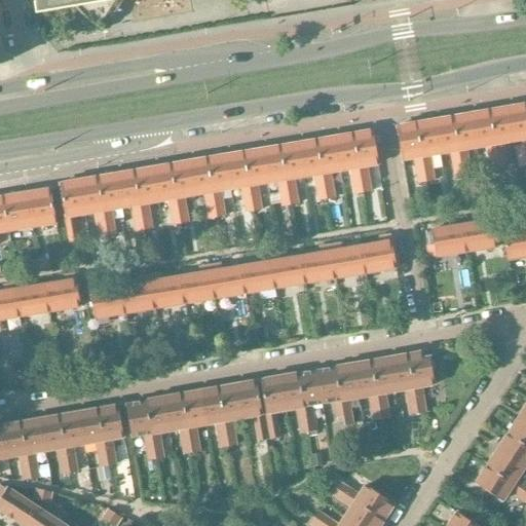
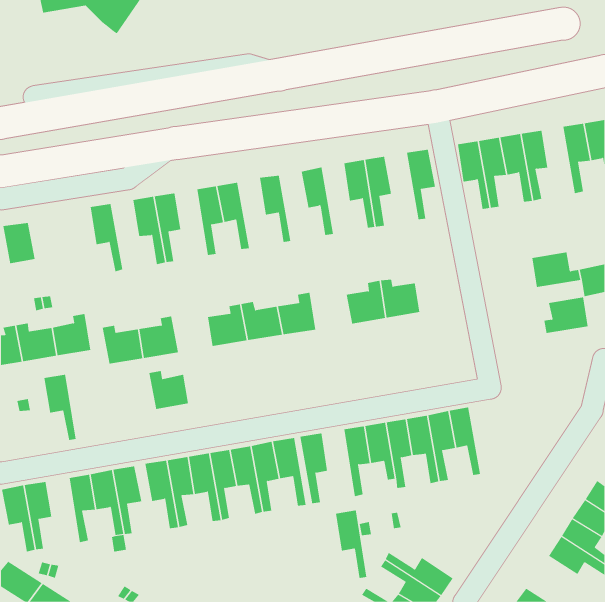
building: [471,110,498,170] -> none
building: [334,133,363,192] -> none
building: [279,142,303,203] -> none
building: [242,149,267,210] -> none
building: [206,154,230,216] -> none
building: [152,164,180,224] -> none
building: [97,174,120,234] -> none
building: [60,180,83,241] -> none
building: [25,188,55,225] -> none
building: [426,224,465,256] -> [543,297,588,334]
building: [361,234,396,271] -> none
building: [269,252,305,287] -> none
building: [149,272,184,306] -> [148,371,189,410]
building: [407,351,435,412] -> none
building: [279,373,307,433] -> [335,510,367,578]
building: [40,415,69,473] -> [43,374,77,441]

